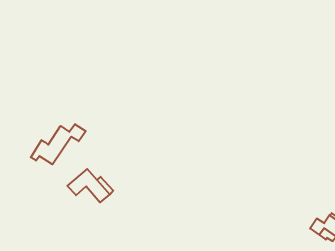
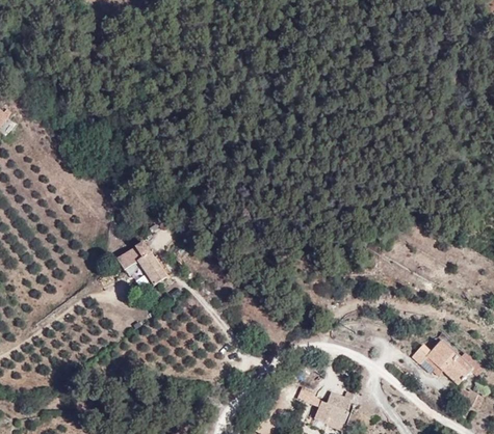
building: [31,124,86,164] -> none

